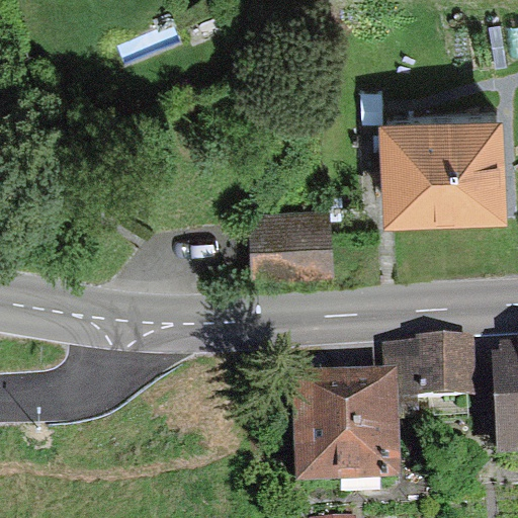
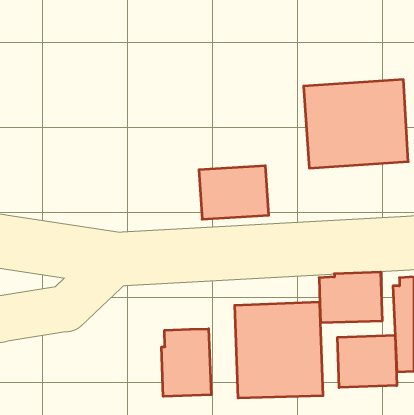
building: none -> [162,329,211,396]
building: none -> [338,335,397,388]

